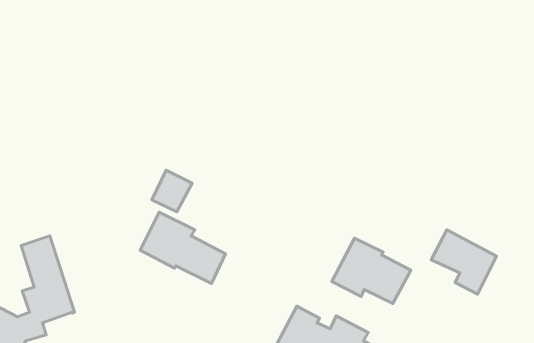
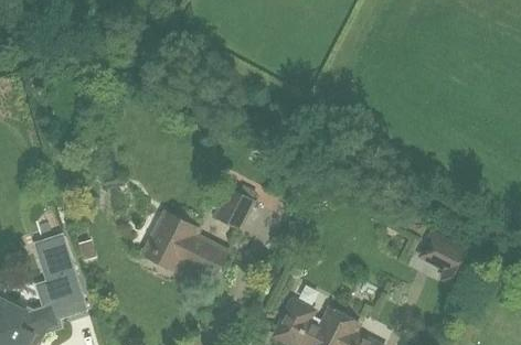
building: [152,170,192,212] -> [215,187,253,226]
building: [332,238,411,304] -> none

